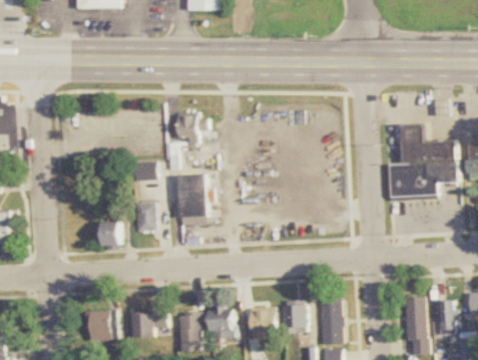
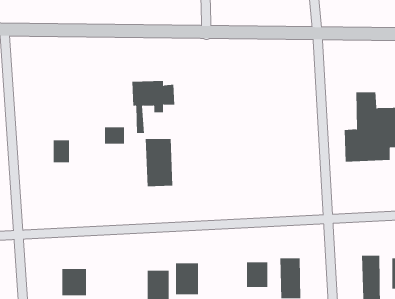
building: [137,203,155,232] -> none
building: [103,223,121,247] -> [53,140,70,163]
building: [252,307,277,337] -> none
building: [132,314,167,336] -> none

